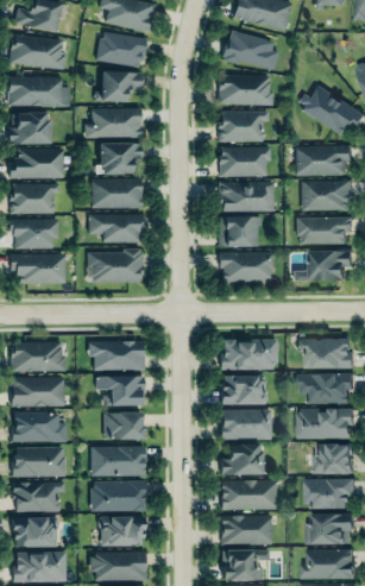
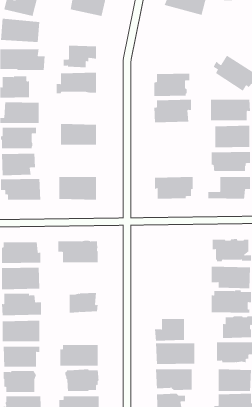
building: [224,31,279,70] -> none
building: [97,32,147,65] -> none
building: [216,73,275,107] -> none
building: [97,144,141,176] -> none
building: [219,182,273,212] -> none
building: [88,215,141,244] -> none
building: [219,216,263,248] -> none
building: [220,339,277,368] -> none
building: [220,373,268,404] -> none
building: [96,376,144,404] -> none
building: [220,409,272,440] -> none
building: [90,445,145,475] -> none

